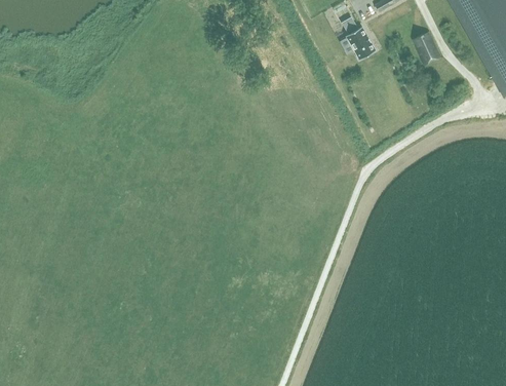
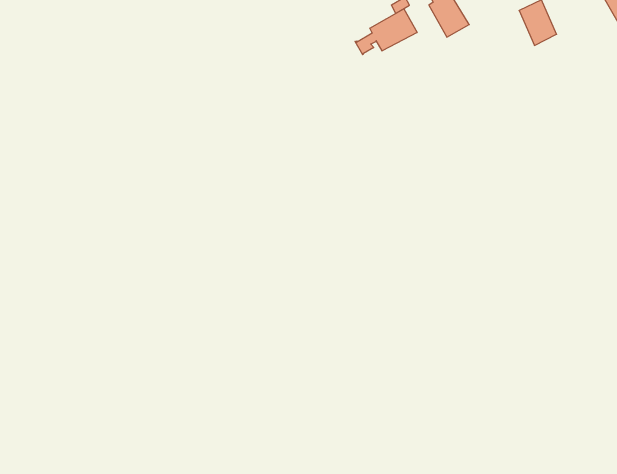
building: none -> [355,9,417,55]

